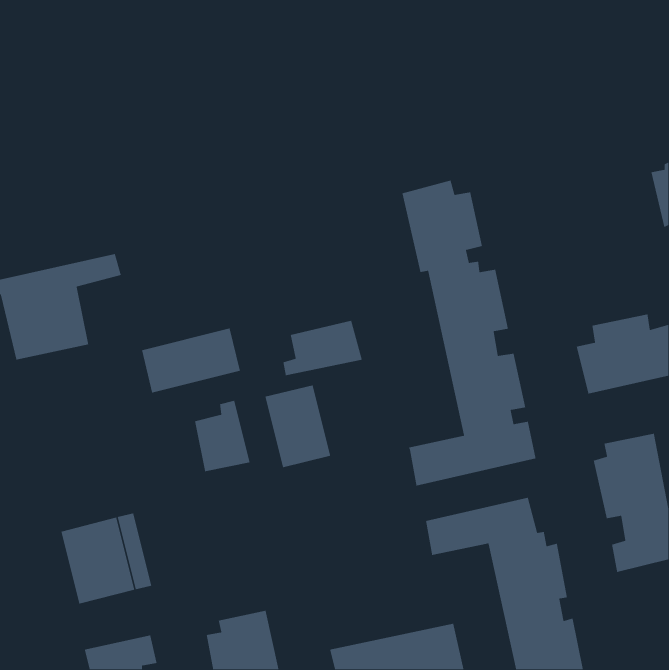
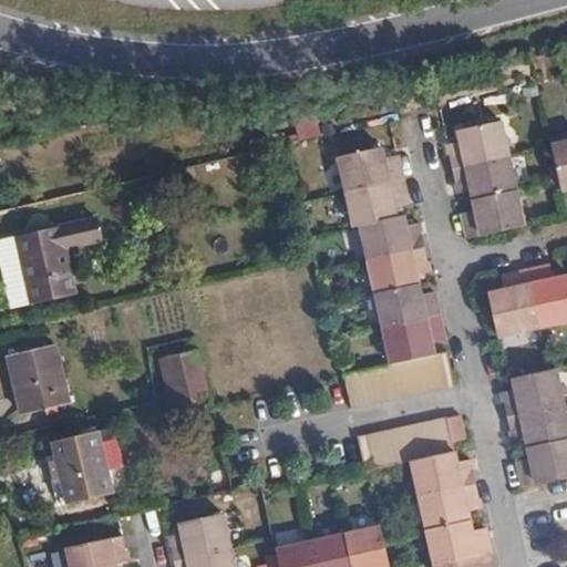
building: none -> [445,125,522,241]
building: [282,320,363,376] -> none
building: [141,327,241,393] -> none
building: [265,384,331,468] -> none
building: none -> [6,342,64,413]

